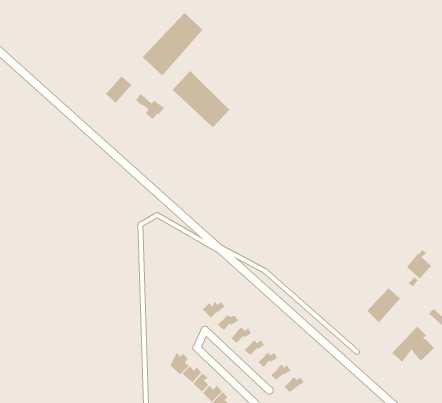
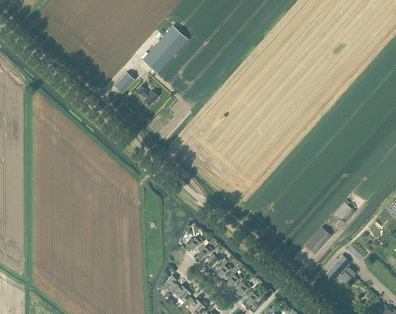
building: [172,70,230,128] -> none

